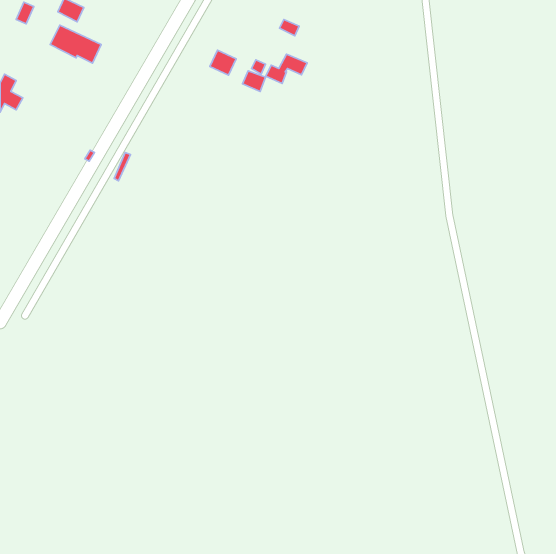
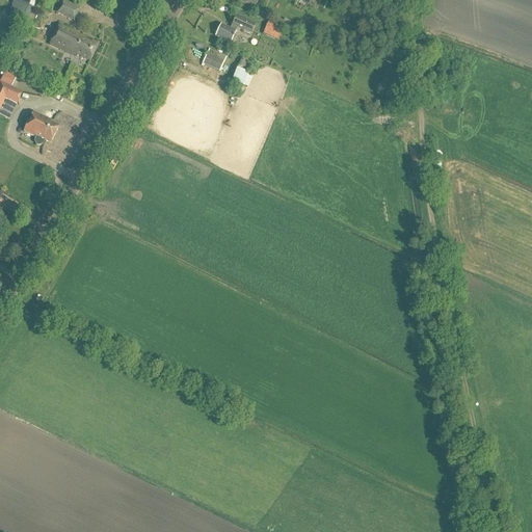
building: [266,54,307,84] -> [216,14,256,42]
building: none -> [23,111,57,144]

